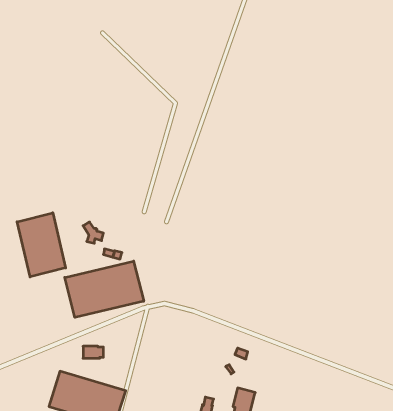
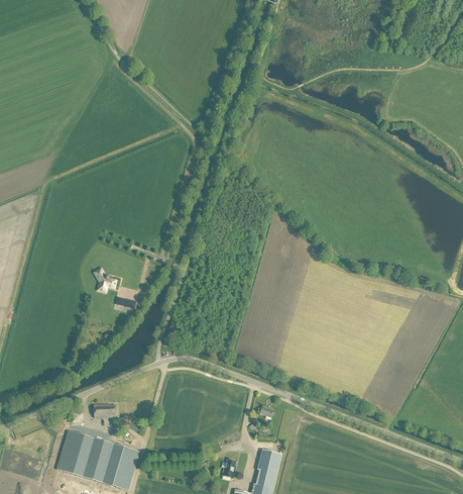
building: [17,213,66,277] -> none
building: [65,261,144,317] -> none

